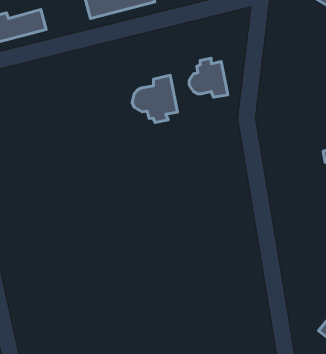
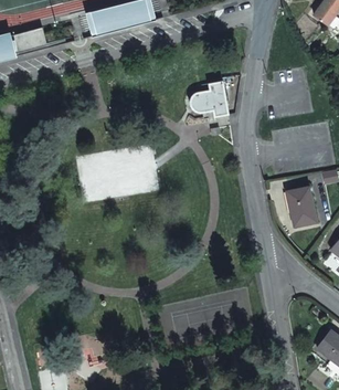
building: [132,75,178,123] -> none
building: none -> [286,183,317,224]

